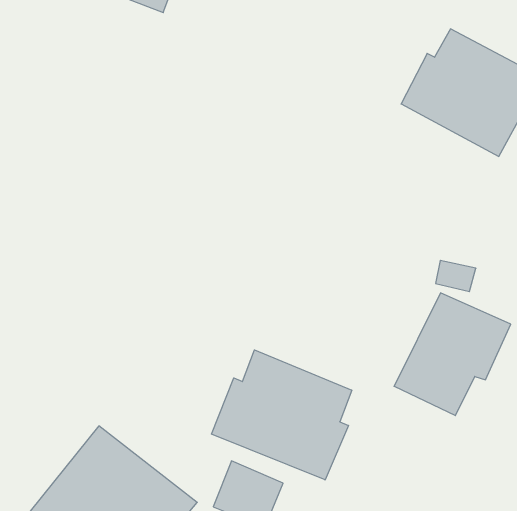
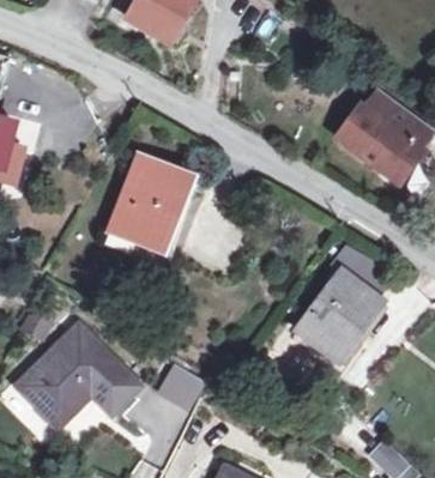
building: none -> [108,153,192,249]
building: [211,350,352,480] -> none

